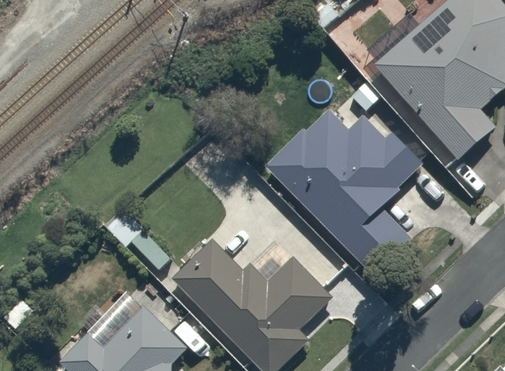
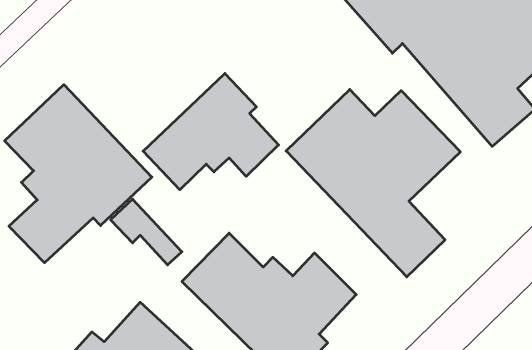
building: none -> [143,73,279,190]
building: none -> [5,85,152,263]

